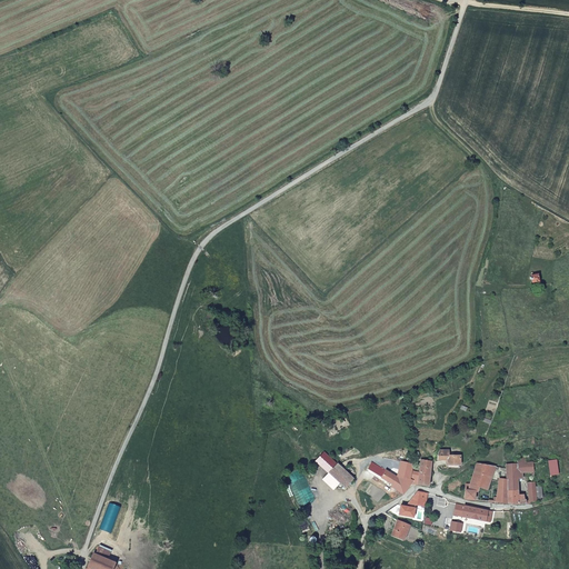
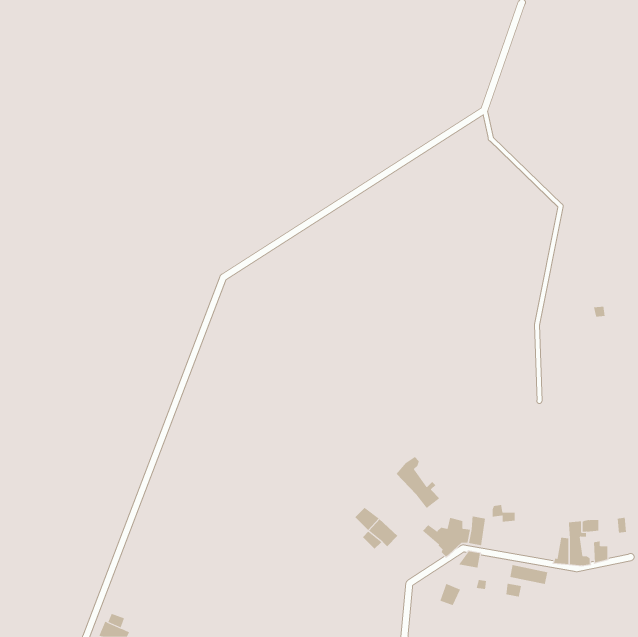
building: none -> [396,456,440,509]
building: [463,463,498,499] -> none

